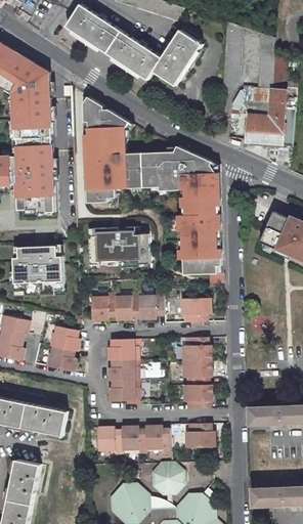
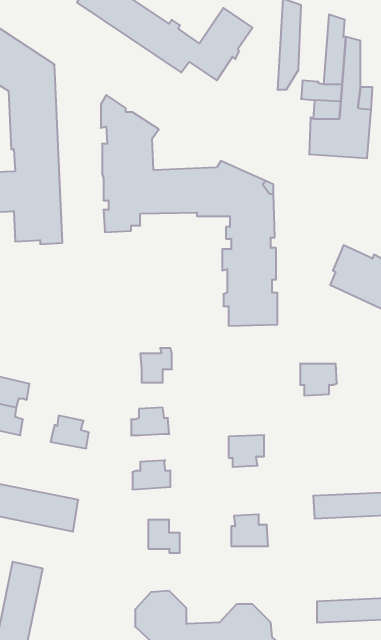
building: [88,226,147,268] -> none
building: [13,245,62,296] -> none
building: [139,292,163,319] -> none
building: [91,294,116,320] -> none
building: [181,299,210,323] -> [300,364,337,395]
building: [49,325,79,350] -> none
building: [182,337,211,361] -> none
building: [107,359,137,381] -> none
building: [183,384,212,408] -> none
building: [144,425,169,451] -> none
building: [97,426,121,452] -> none
building: [150,461,182,493] -> none

